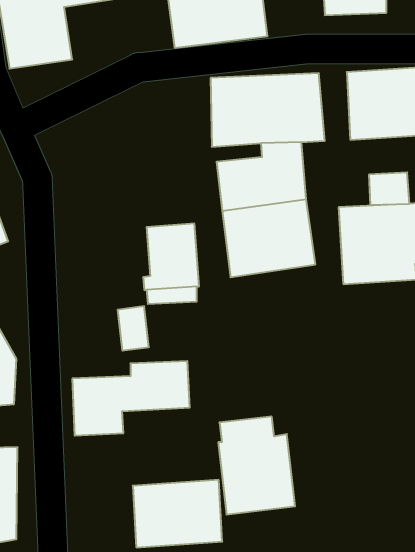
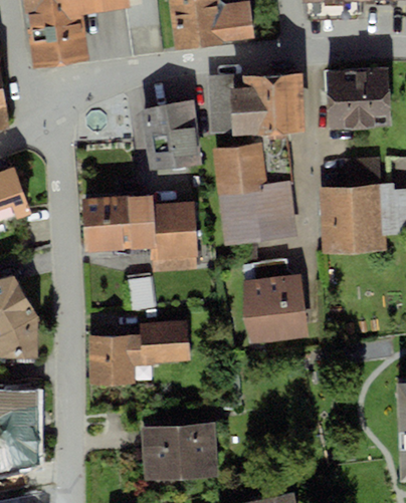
building: none -> [140,100,201,172]
building: none -> [80,193,156,251]
building: [218,417,295,514] -> [242,258,309,342]

